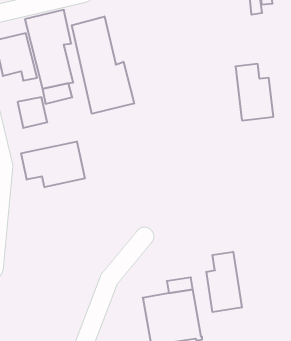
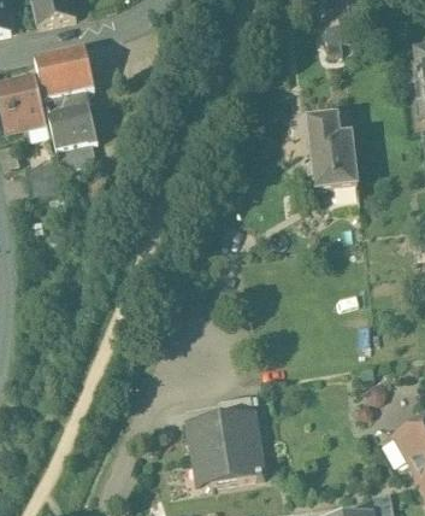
building: [72,16,134,114] -> none
building: [21,141,85,187] -> none
building: [206,252,242,312] -> none

